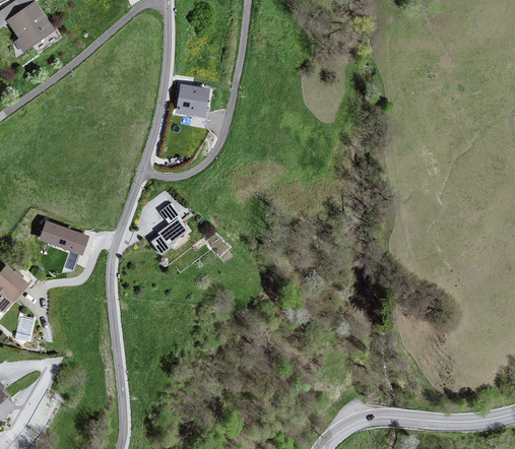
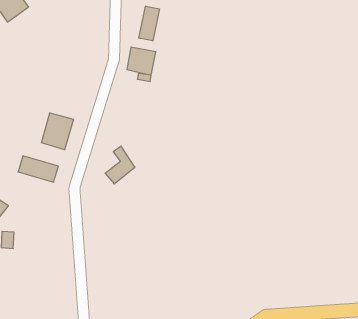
building: none -> [139,6,159,41]
building: none -> [42,113,74,150]

